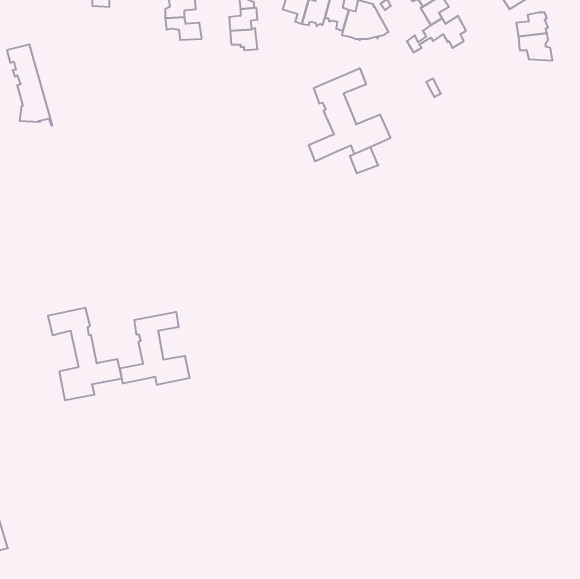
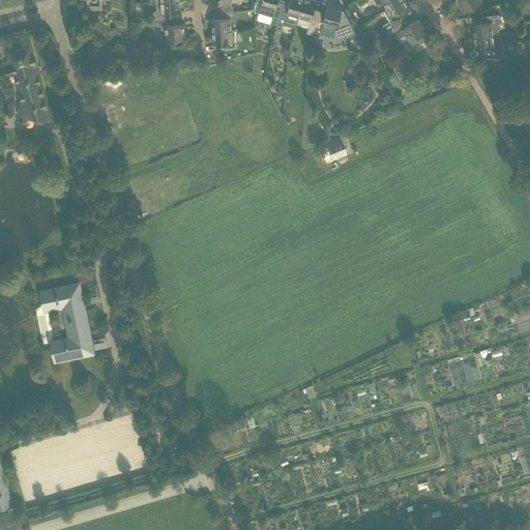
building: [309,68,390,161] -> none
building: [120,312,190,385] -> none

